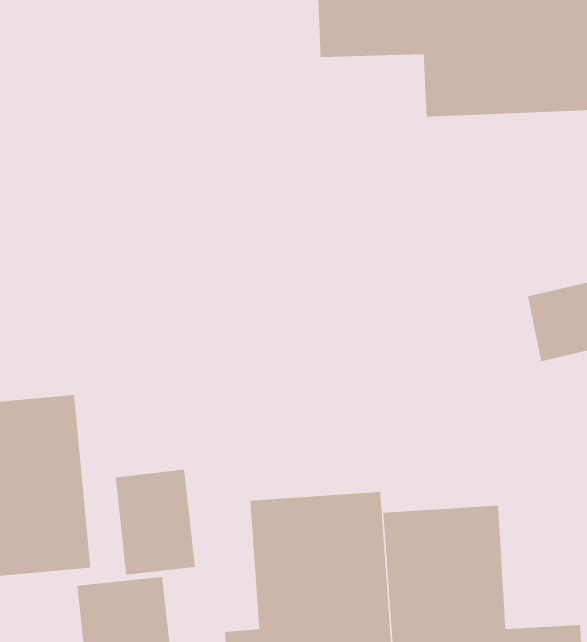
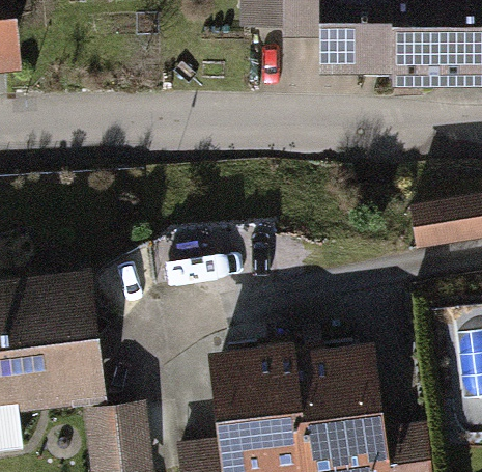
building: [115,469,195,576] -> none

